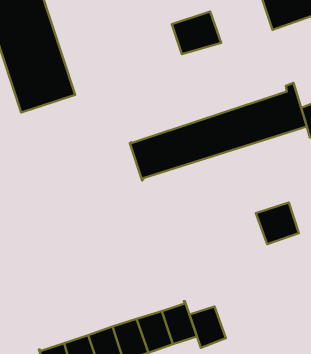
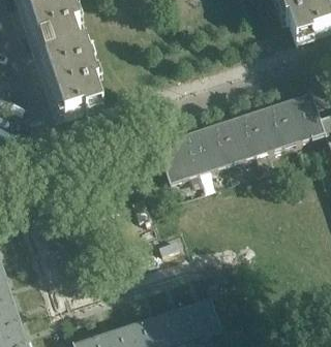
building: [172,12,221,54] -> none
building: [256,202,299,244] -> none
building: [190,306,226,348] -> none

